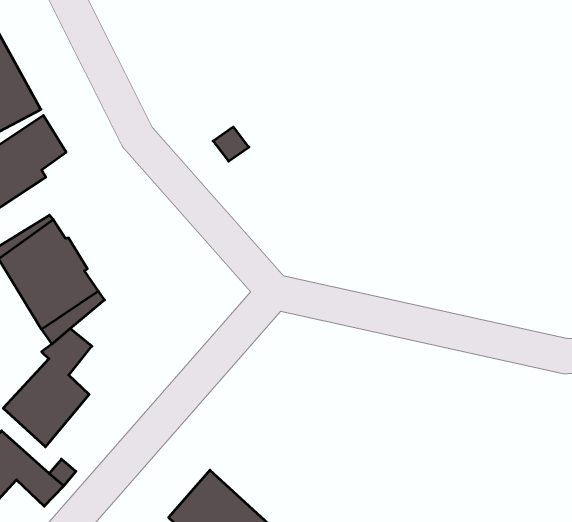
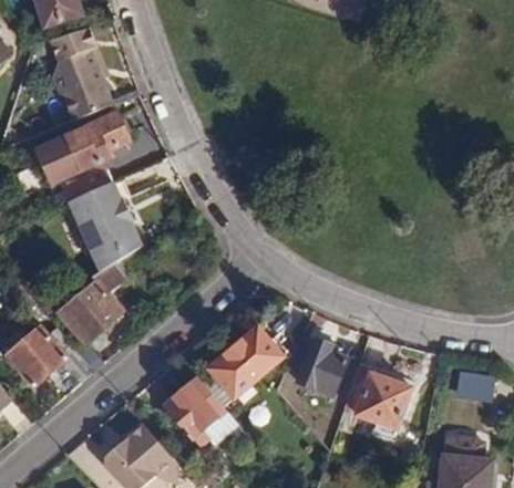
building: none -> [208,324,282,396]
building: none -> [297,339,346,395]
building: none -> [342,367,409,426]

